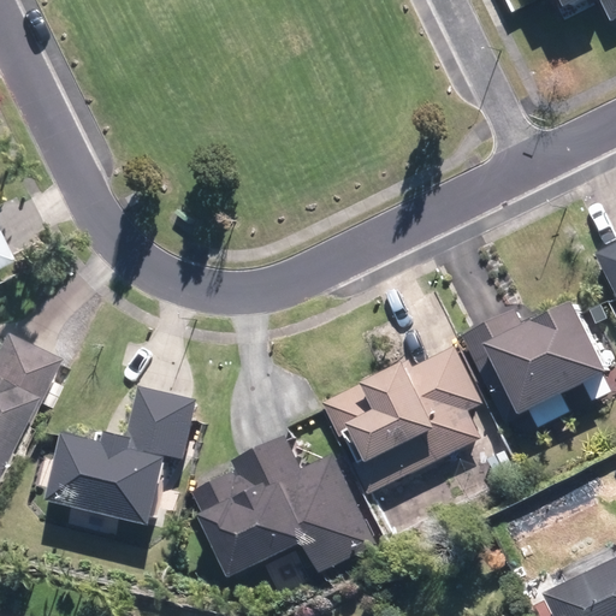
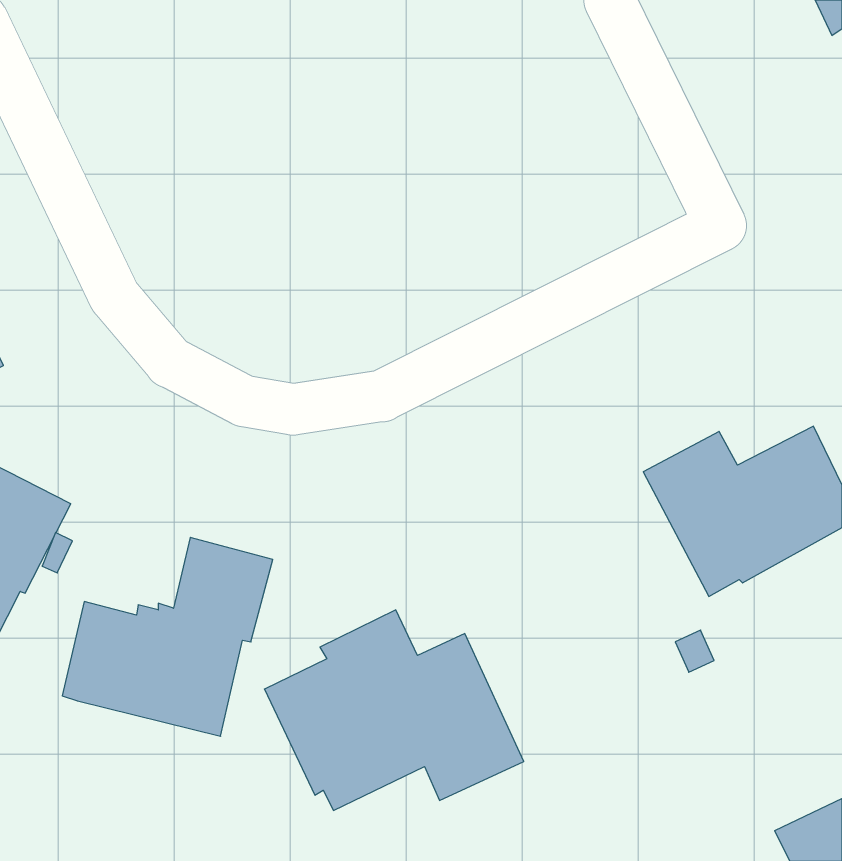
building: [320,345,482,494] -> none

